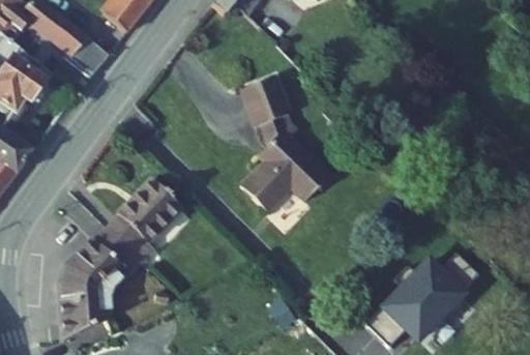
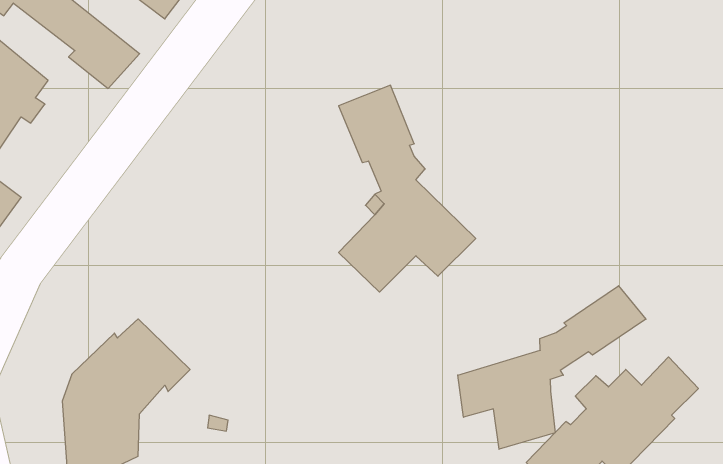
building: [110,178,182,262] -> none
building: none -> [458,286,646,449]

